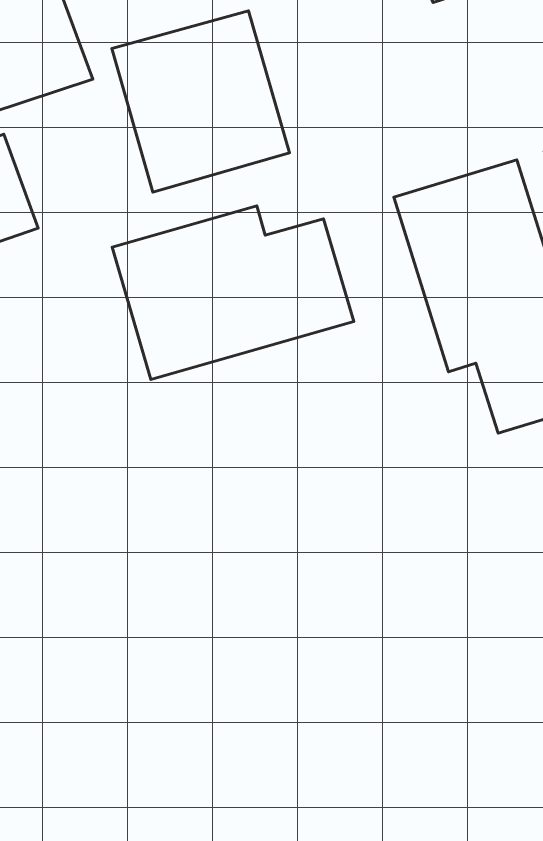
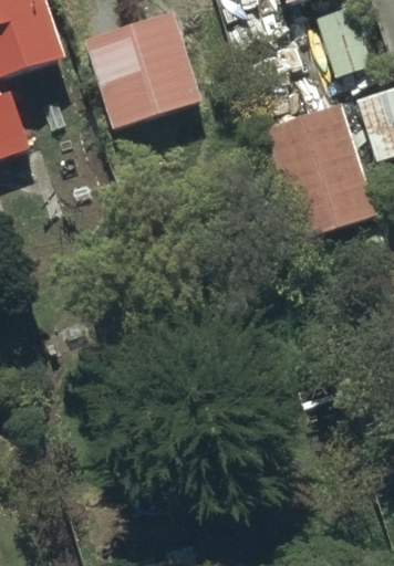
building: [112,206,354,379] -> none

